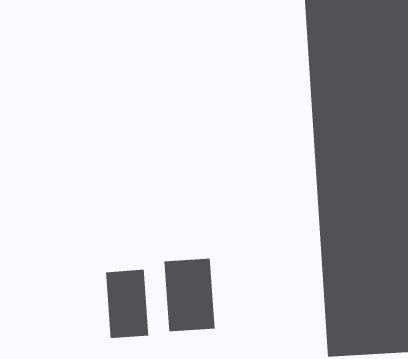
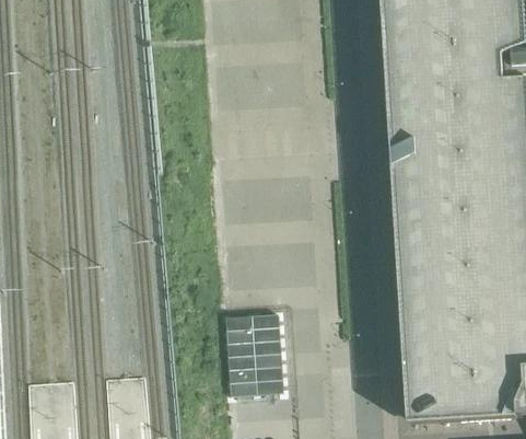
building: [106,269,149,339] -> none

